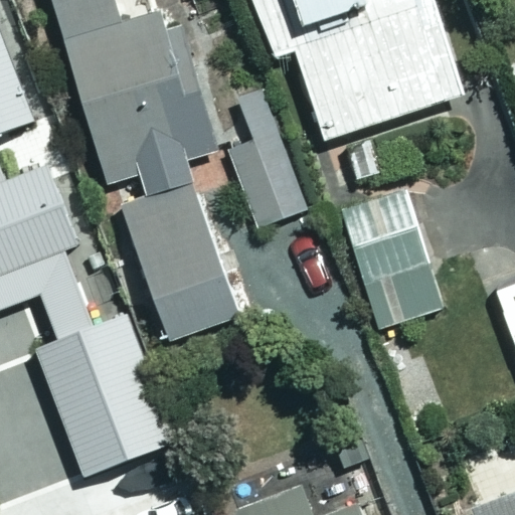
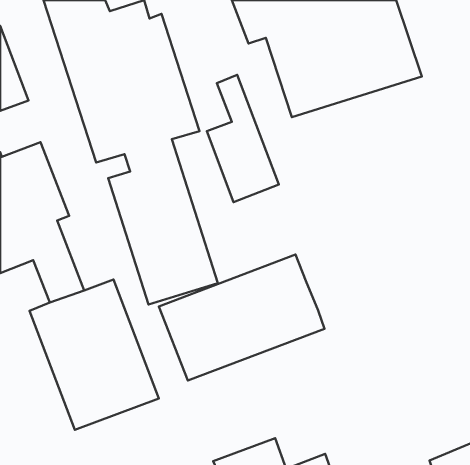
building: [342,190,443,329] -> none
building: none -> [159,255,324,381]

